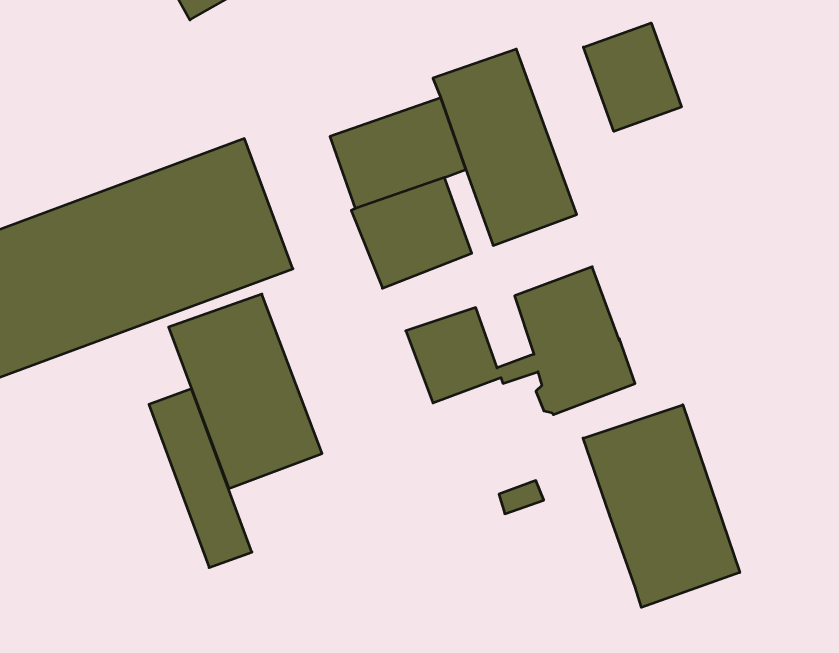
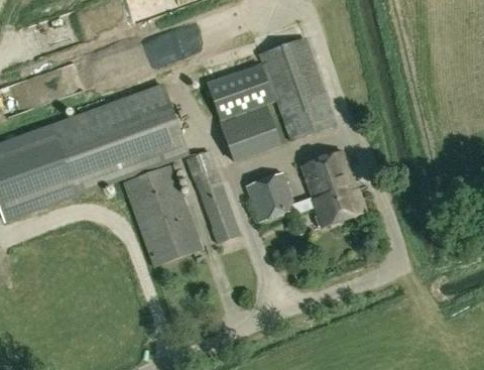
building: [583,23,681,131] -> none
building: [149,389,252,568] -> [187,149,240,242]
building: [583,405,740,607] -> none

